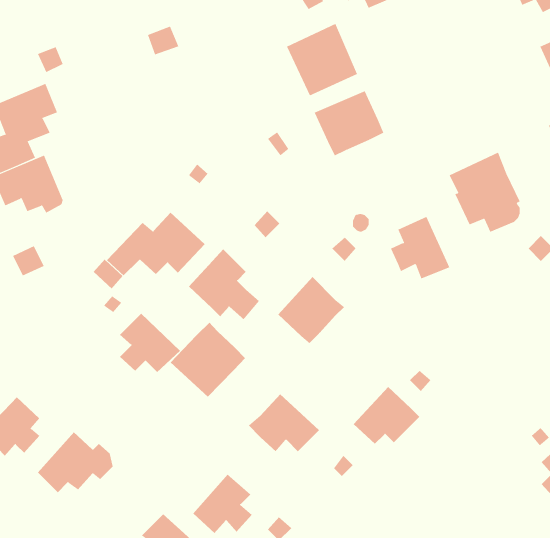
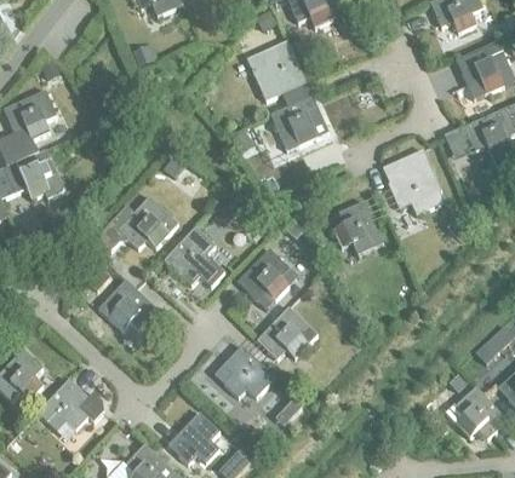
building: [170,322,246,398] -> none
building: [353,386,420,445] -> [259,309,315,357]

